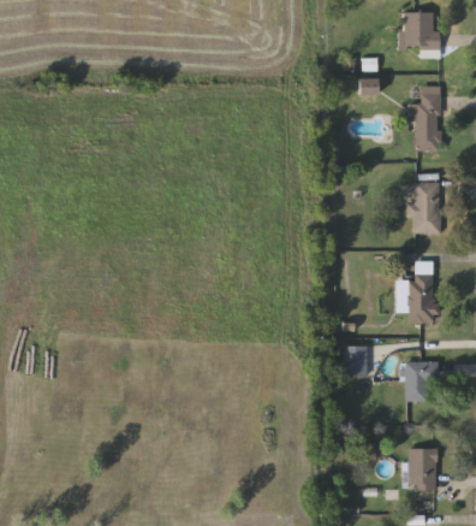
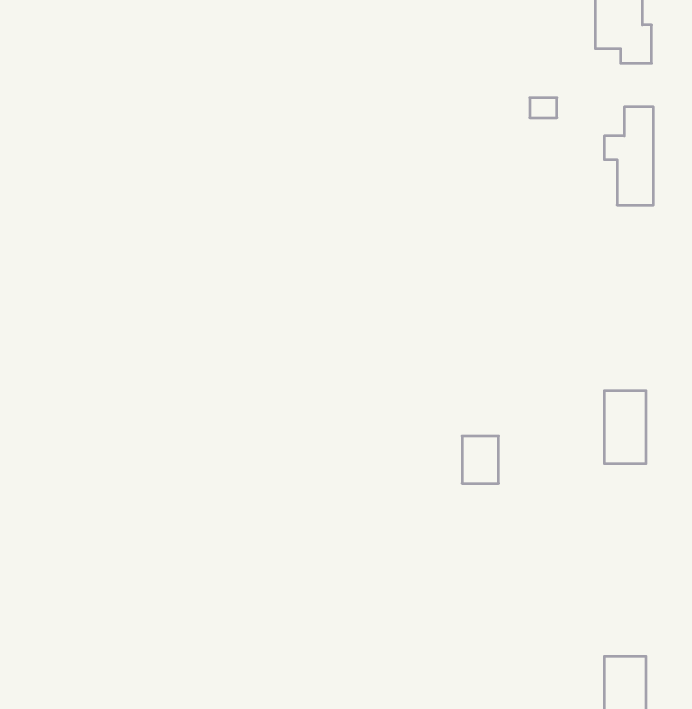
building: [411,182,439,232] -> none
building: [343,345,367,377] -> [462,436,499,483]
building: [404,360,438,401] -> none

